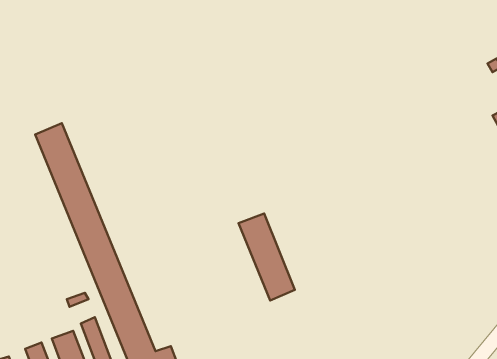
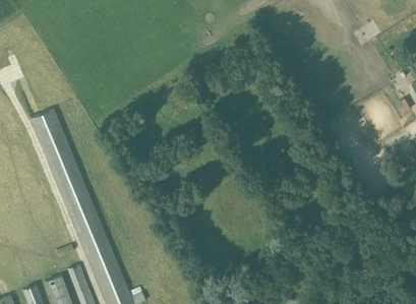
building: [238,214,295,300] -> none

